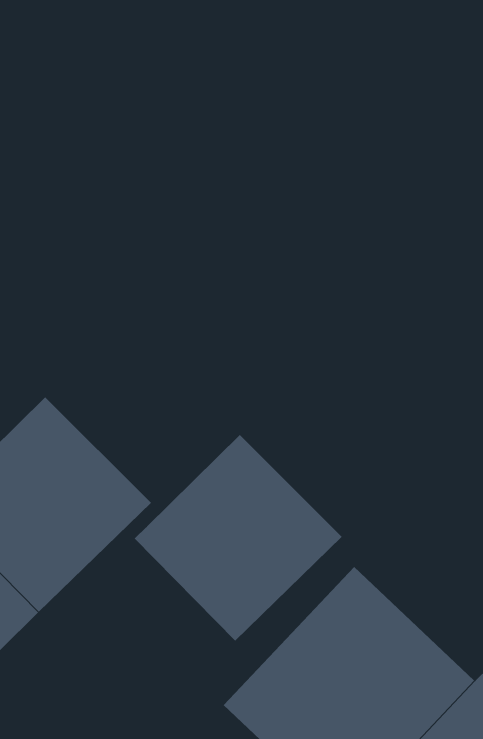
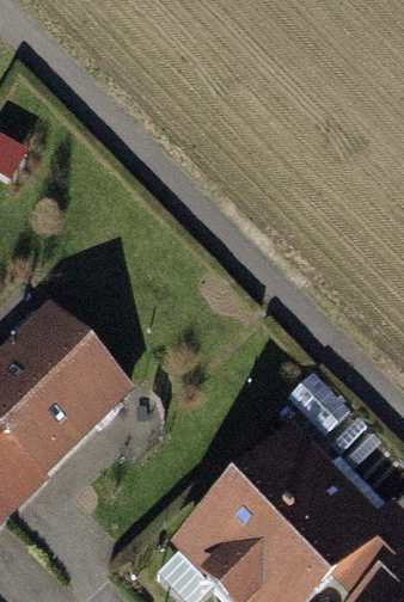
building: [134,434,343,641] -> none

